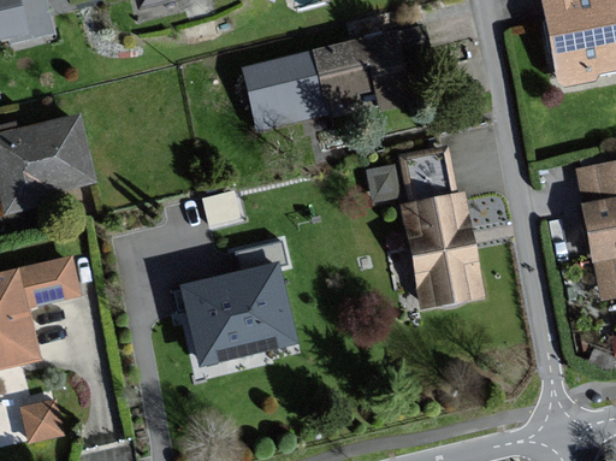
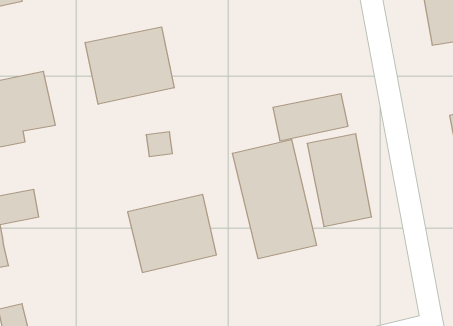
building: [247,34,410,126] -> none
building: none -> [85,27,174,104]
building: none -> [232,139,316,259]

